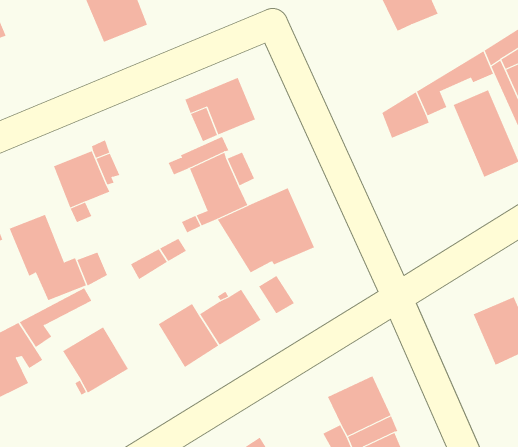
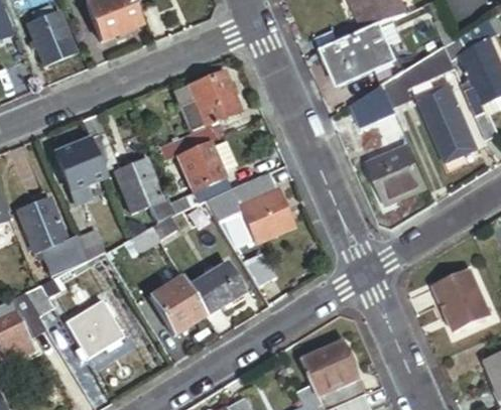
building: none -> [27,10,76,64]
building: none -> [320,24,396,85]
building: none -> [373,153,424,204]
building: none -> [116,158,163,212]

